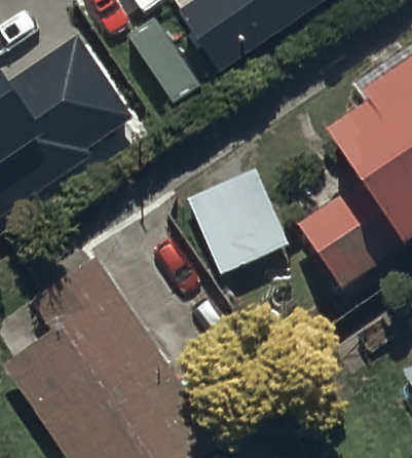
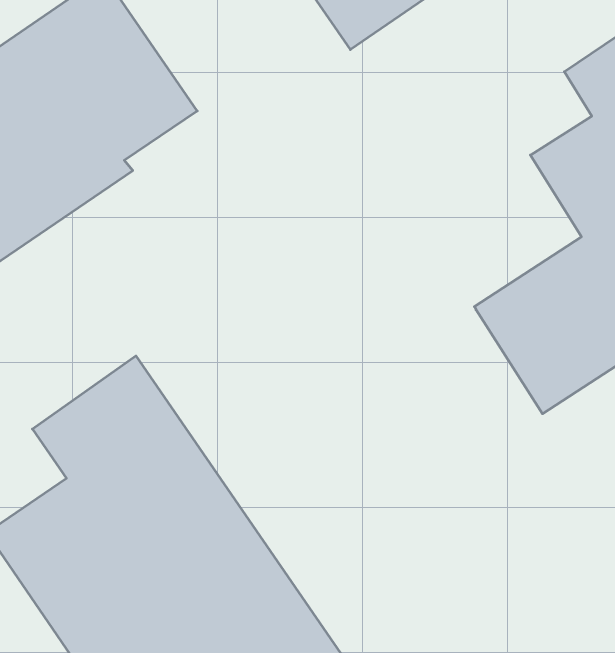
building: [188,168,290,275] -> none

